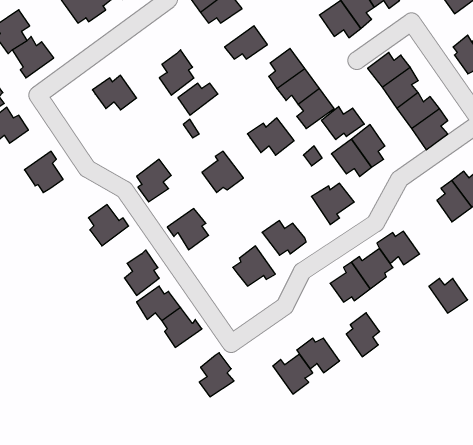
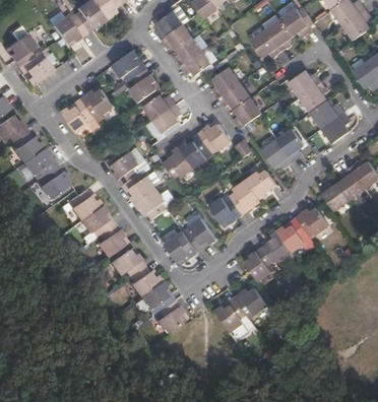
building: none -> [172,37,200,66]
building: none -> [111,51,141,82]
building: none -> [58,102,89,133]
building: none -> [151,102,180,132]
building: [322,106,364,140] -> none
building: none -> [14,129,46,159]
building: none -> [177,135,208,165]
building: none -> [43,163,68,197]
building: none -> [123,172,154,203]
building: none -> [228,180,258,211]
building: none -> [84,202,115,233]
building: none -> [164,236,198,262]
building: [429,278,468,313] -> [321,183,351,209]
building: [346,313,380,357] -> [243,246,268,279]
building: none -> [140,280,171,312]

